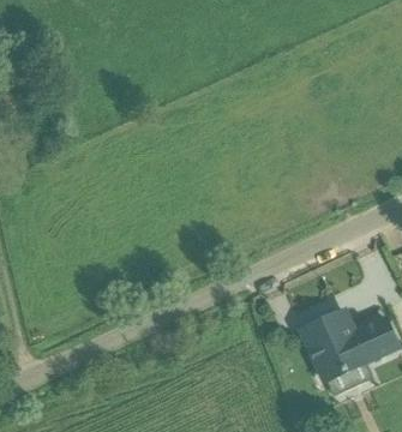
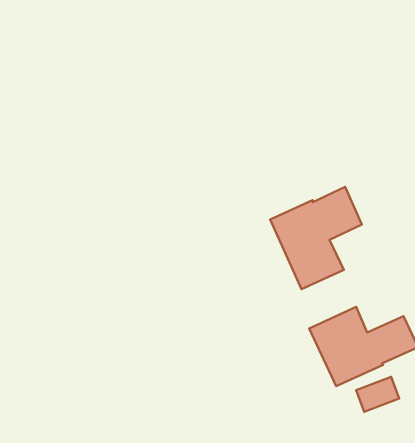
building: none -> [270,187,362,289]

